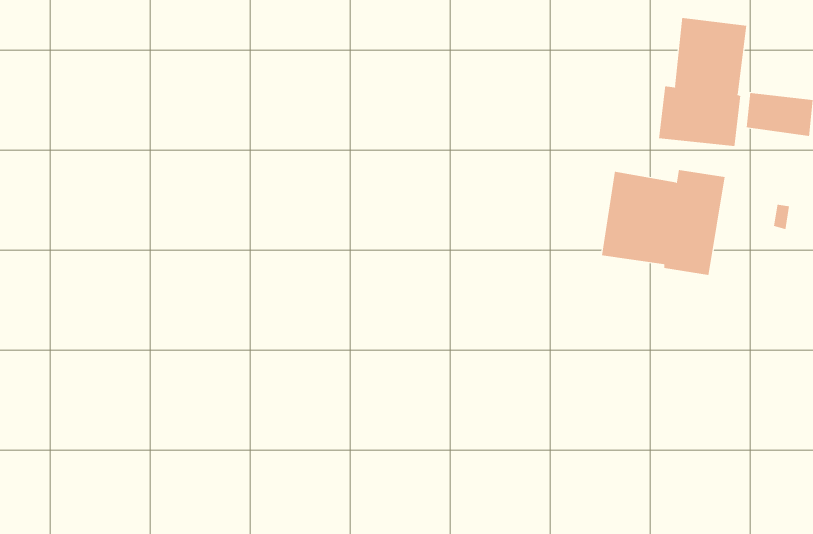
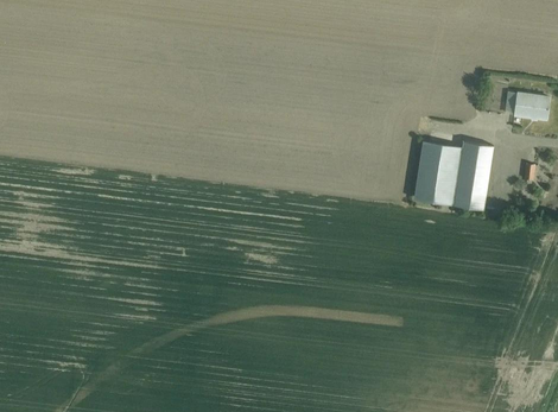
building: [658,17,747,147] -> none

